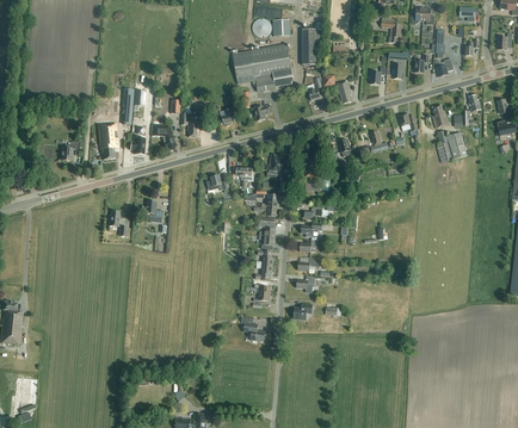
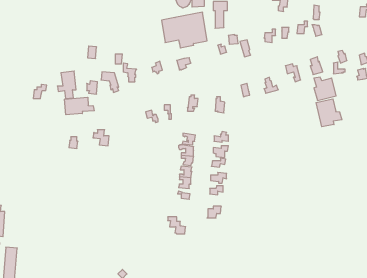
building: none -> [64,97,94,115]
building: none -> [316,99,342,127]

